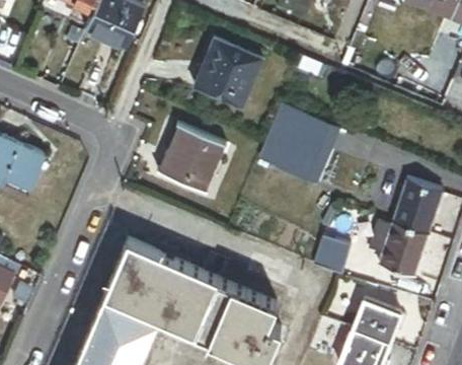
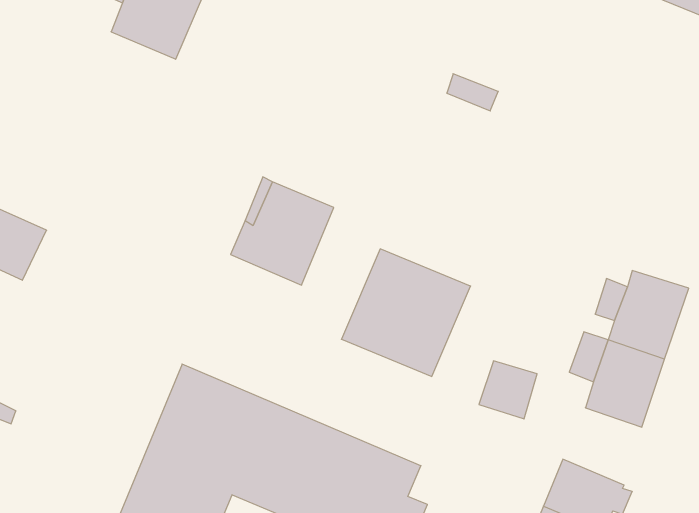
building: [192,38,259,105] -> none
building: [262,106,343,187] -> [341,249,471,376]

